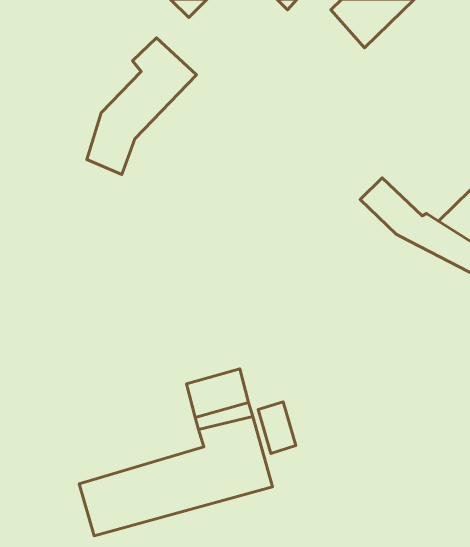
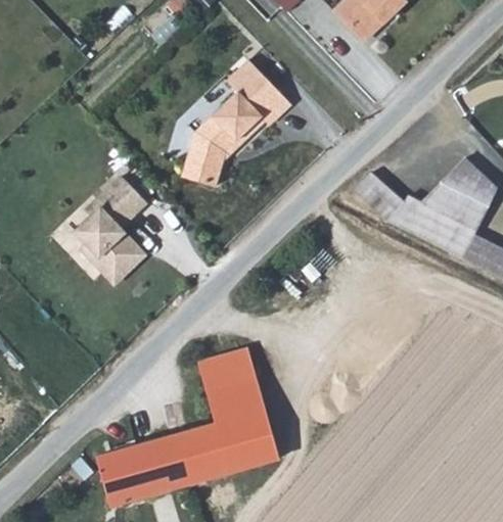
building: [87,38,197,175] -> [185,62,288,191]
building: none -> [53,182,143,285]
building: [258,402,296,454] -> none

